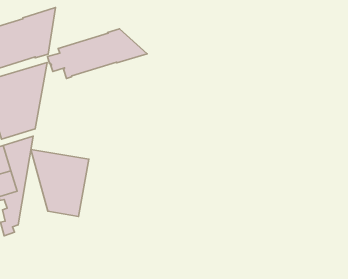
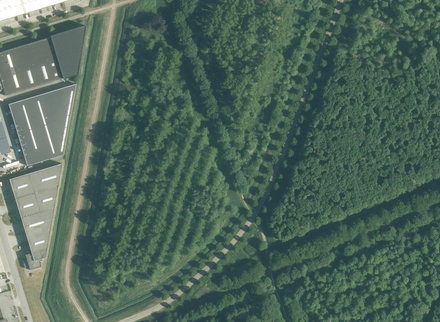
building: [47,29,147,78] -> none
building: [31,149,89,217] -> none

